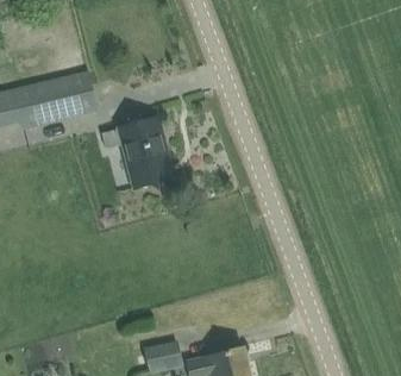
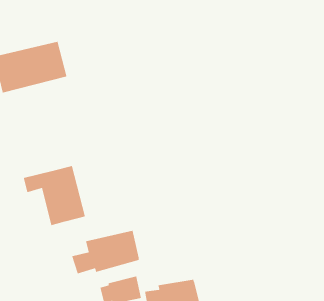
building: [99,118,171,188] -> [23,165,86,226]
building: none -> [71,230,140,274]

